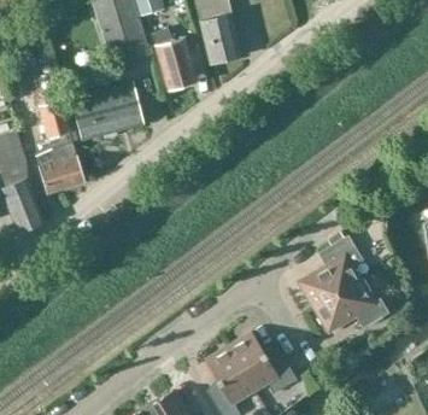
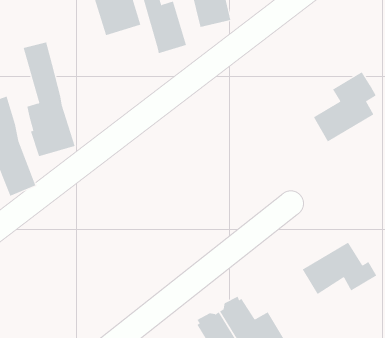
building: [72,83,143,141] -> none
building: [299,236,363,308] -> [313,71,377,142]

